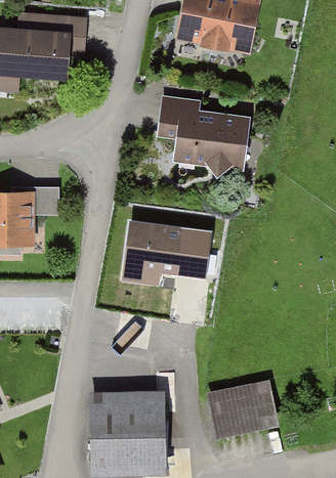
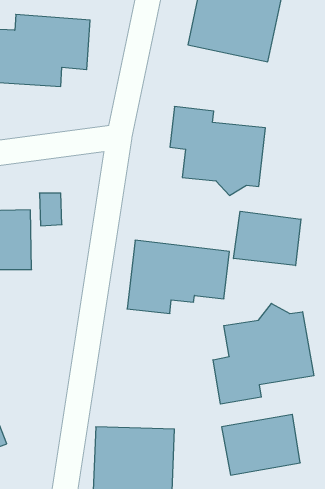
building: none -> [234,211,301,266]
building: none -> [213,303,314,404]

